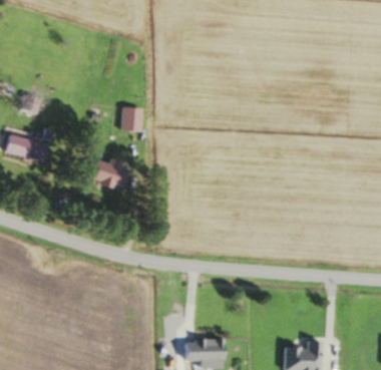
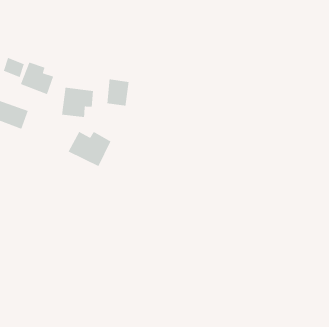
building: none -> [20,61,54,95]
building: none -> [61,87,94,118]

